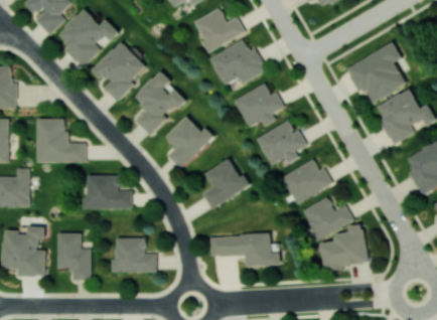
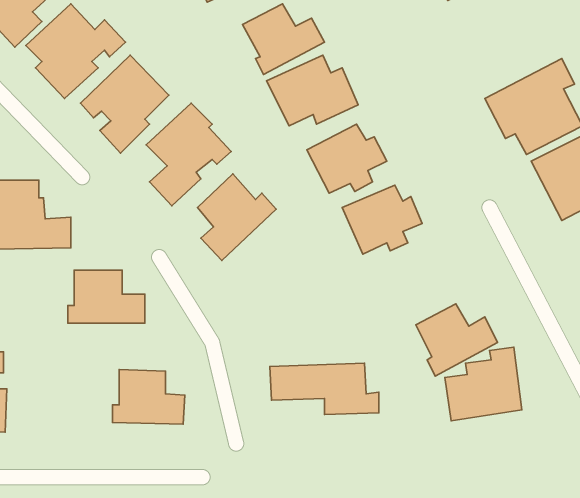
building: [202,157,249,208] -> none
building: [280,159,332,204] -> none
building: [57,232,91,280] -> none

